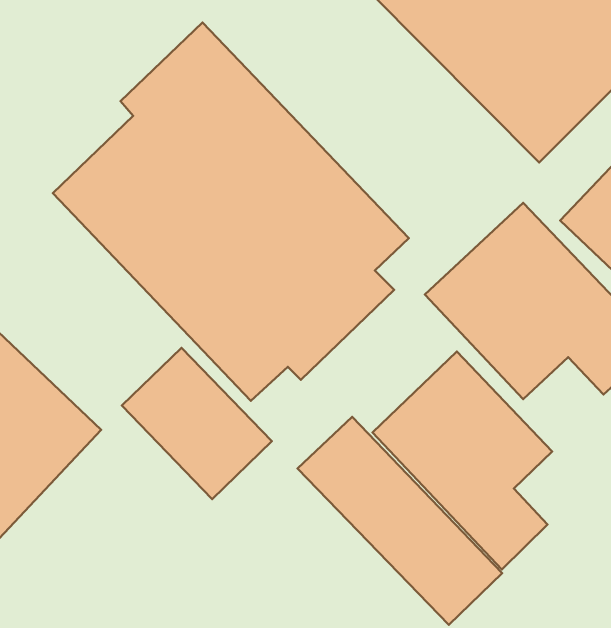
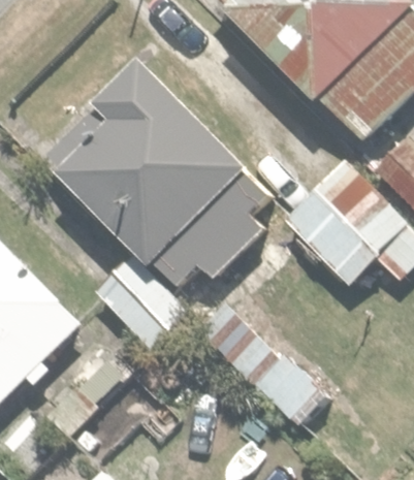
building: [373,352,552,570] -> none

